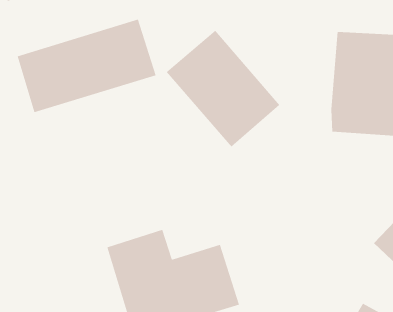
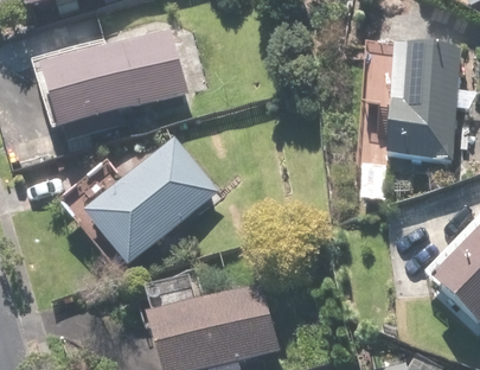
building: [166,30,280,148] -> none
building: none -> [70,130,220,267]

